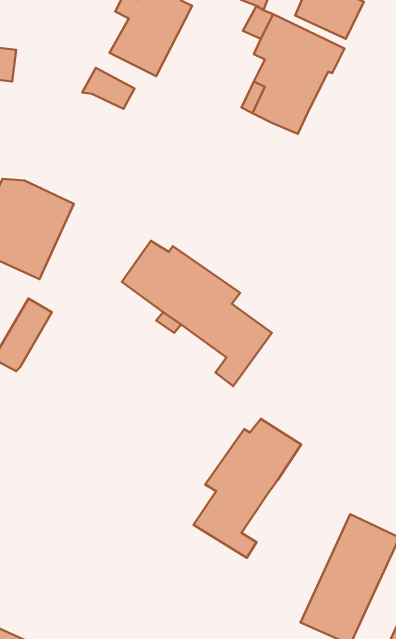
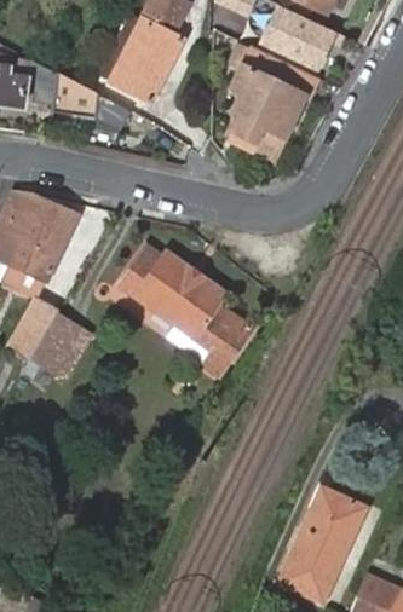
building: none -> [38,73,97,116]
building: none -> [30,316,88,377]
building: [194,419,301,558] -> none

